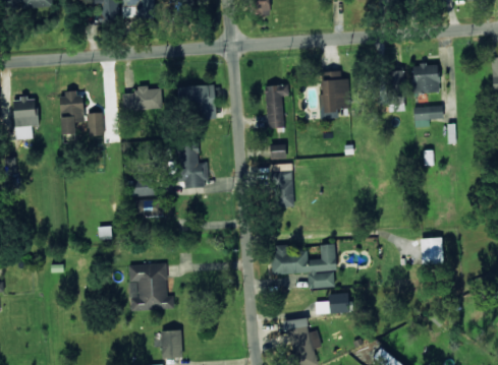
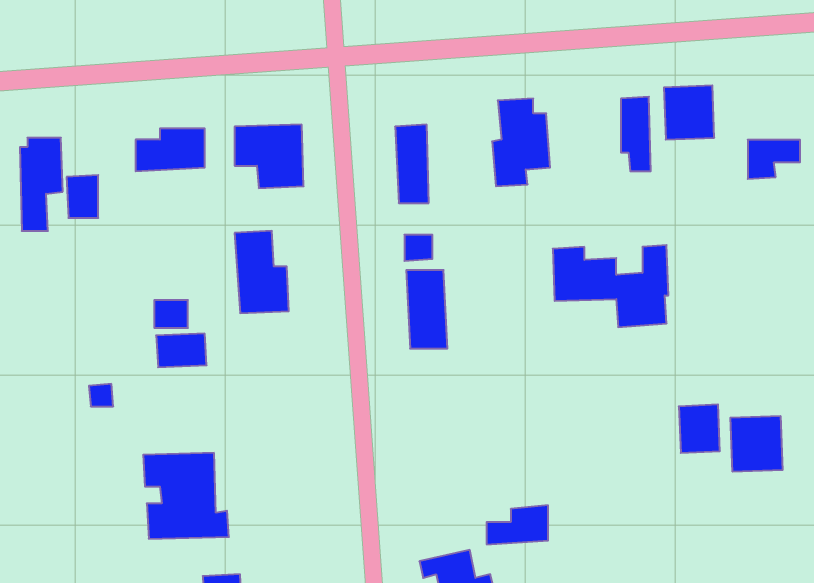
building: [414,106,443,127] -> [748,140,800,179]
building: [273,243,336,288] -> [553,245,668,327]
building: none -> [730,416,783,472]

